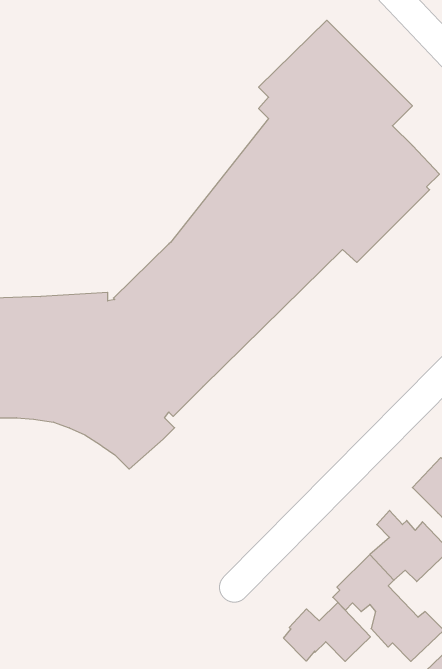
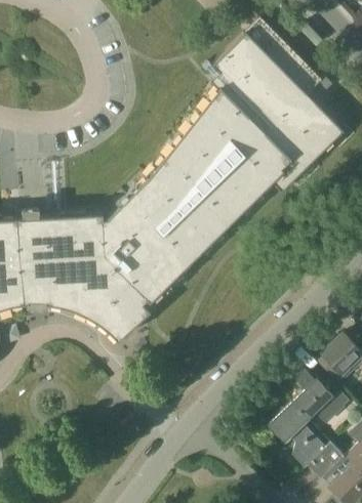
building: [284,602,370,661] -> none

